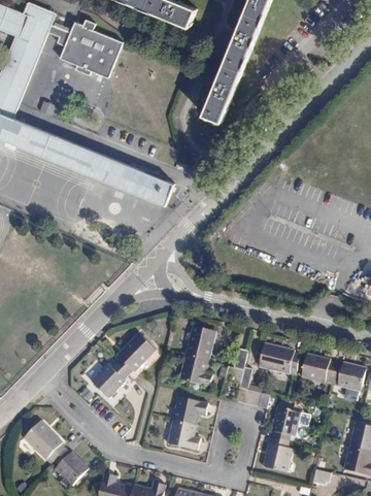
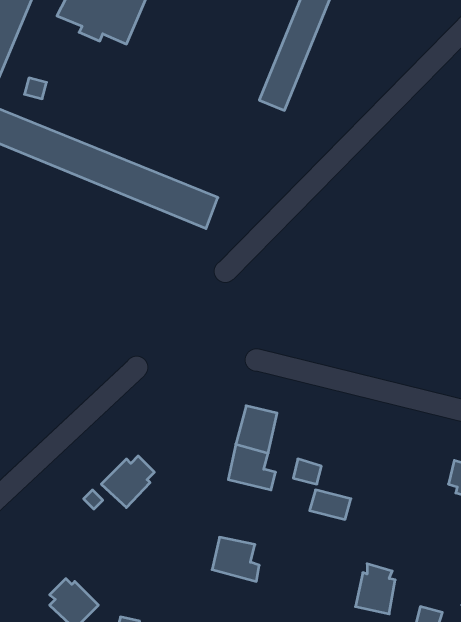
building: [115,333,156,375] -> none
building: [257,348,294,378] -> none
building: [302,358,336,388] -> none
building: [172,397,208,426] -> none
building: [275,410,303,444] -> none
building: [24,422,65,461] -> none

